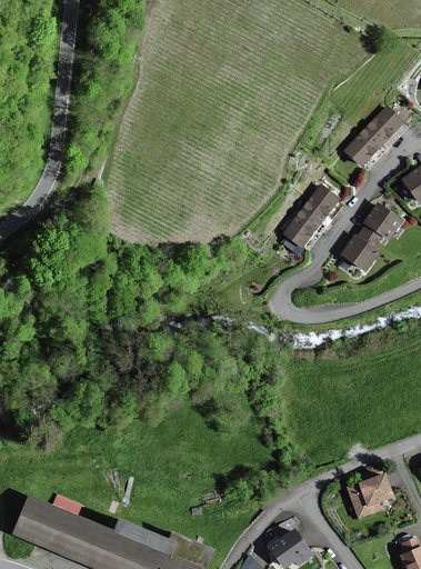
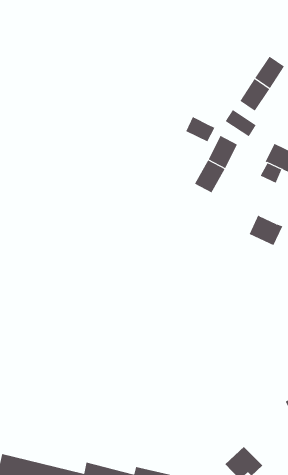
building: none -> [225,109,256,137]
building: none -> [186,116,215,142]
building: [341,233,380,270] -> [249,215,283,246]

